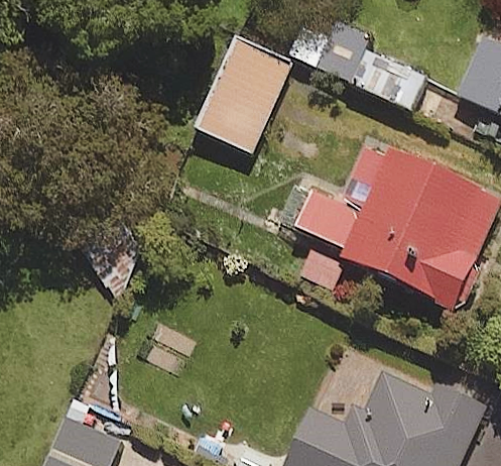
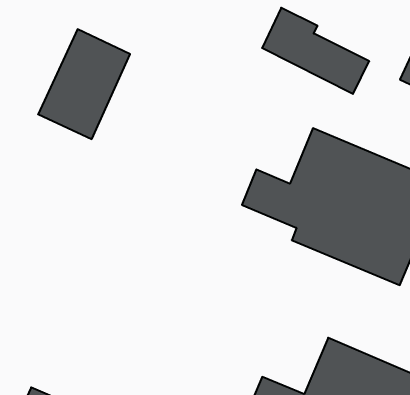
building: [197,32,293,148] -> [38,29,130,139]

